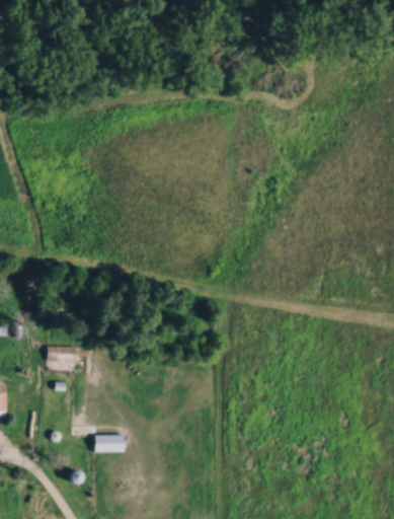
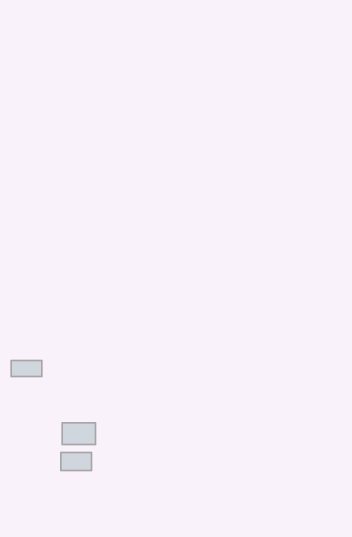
building: none -> [62,423,96,445]

